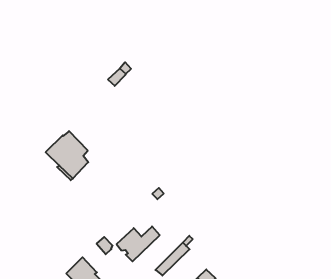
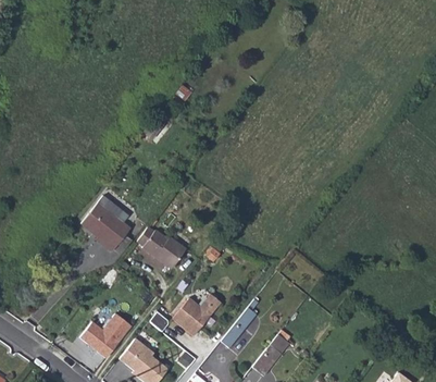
building: none -> [139,226,187,269]
building: none -> [77,313,129,359]

